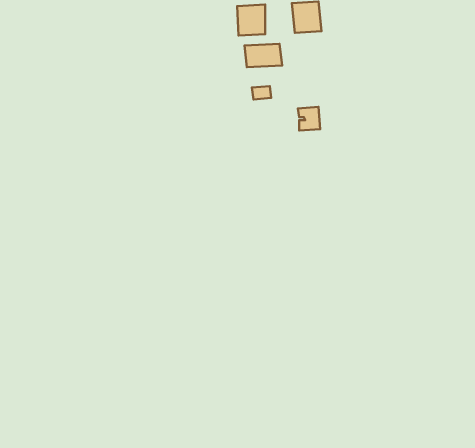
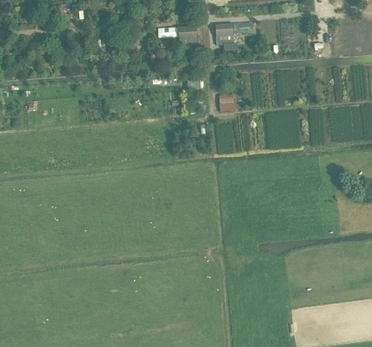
building: [244,44,282,67] -> none

